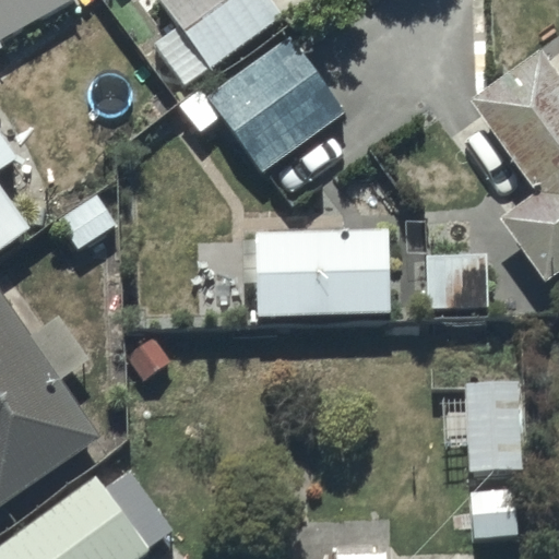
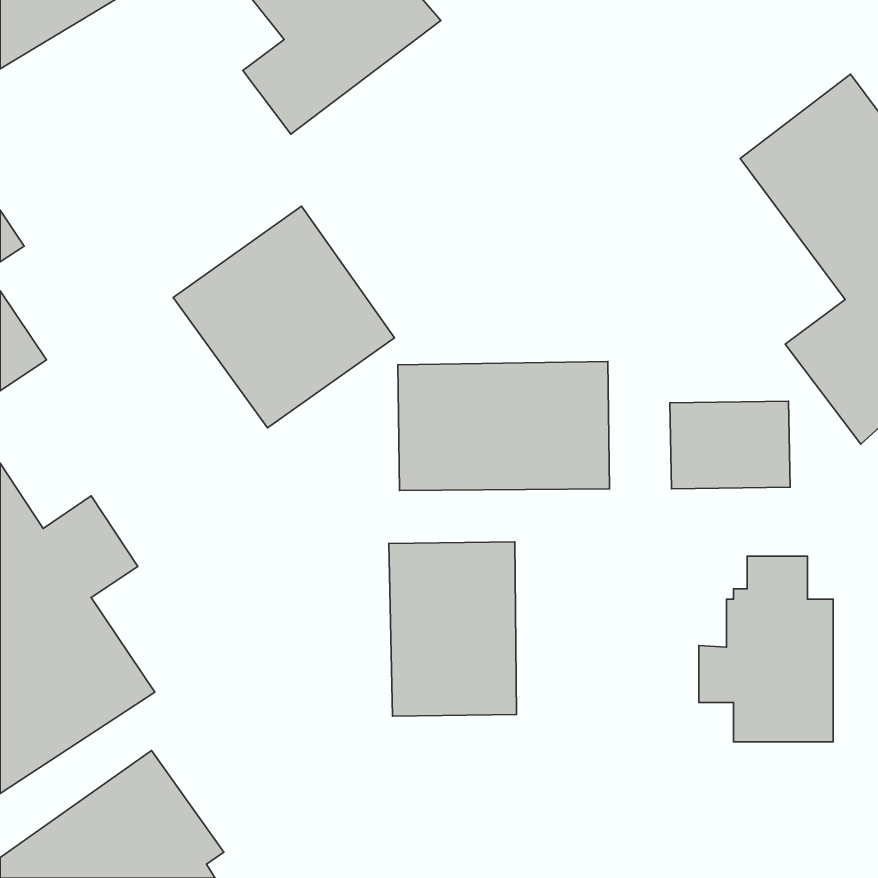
building: [206,38,343,173] -> none
building: none -> [173,206,394,428]
building: none -> [389,542,516,716]

